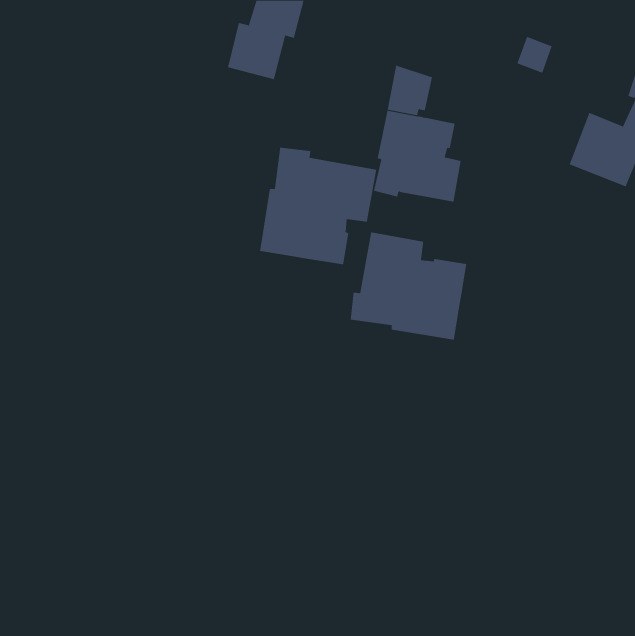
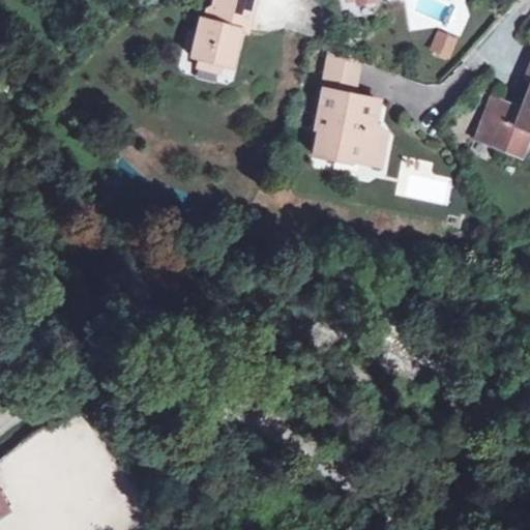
building: [259,147,377,265] -> none
building: [350,232,467,340] -> none

